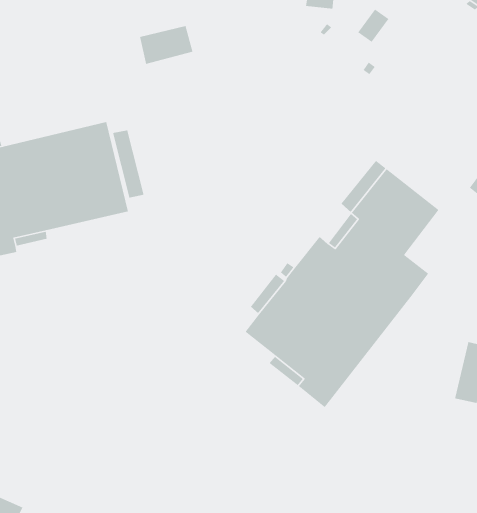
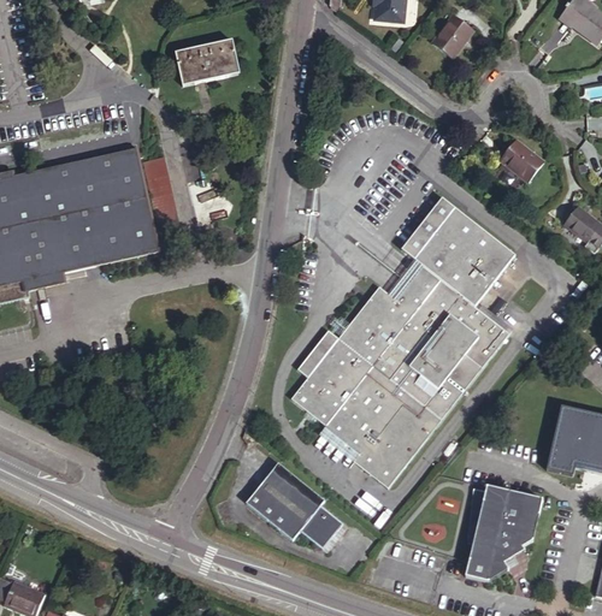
building: none -> [497,141,541,183]
building: none -> [246,458,338,541]
building: none -> [462,485,539,579]

